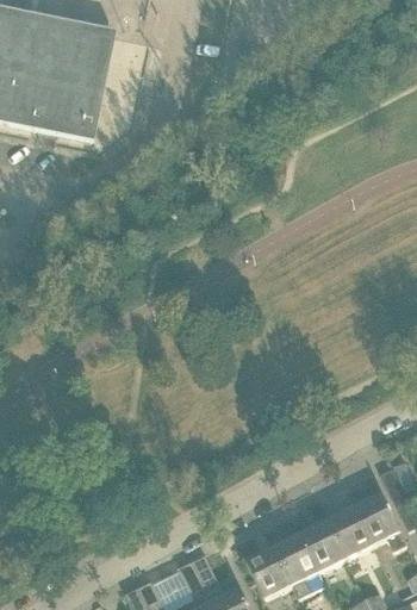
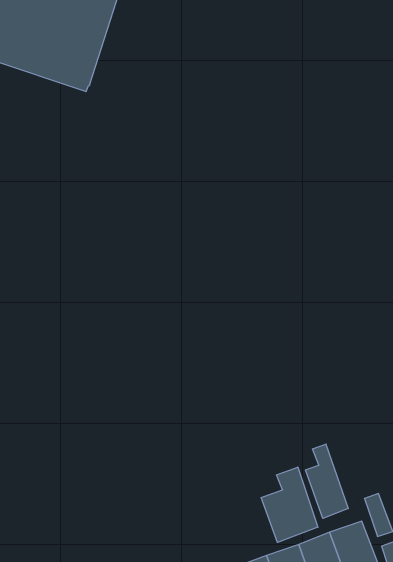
building: none -> [305,444,348,518]
building: none -> [261,467,318,542]

